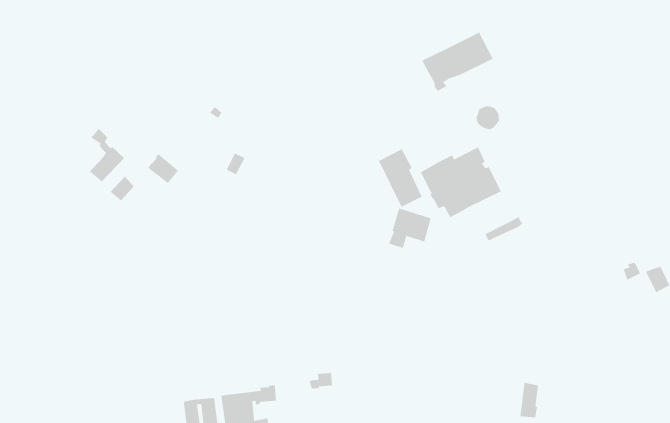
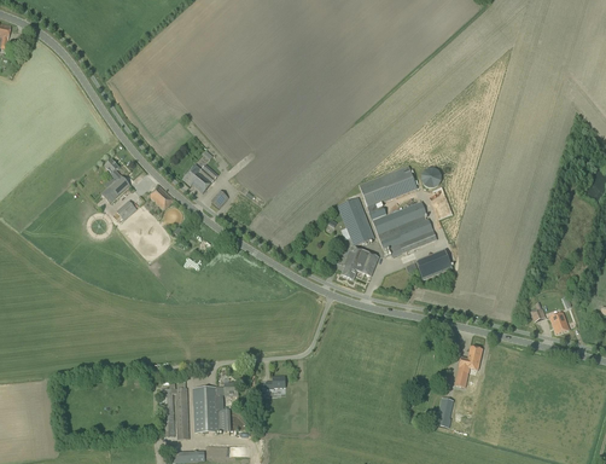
building: [422,32,494,92] -> [359,166,418,211]
building: none -> [182,163,217,193]
building: none -> [454,344,483,387]

